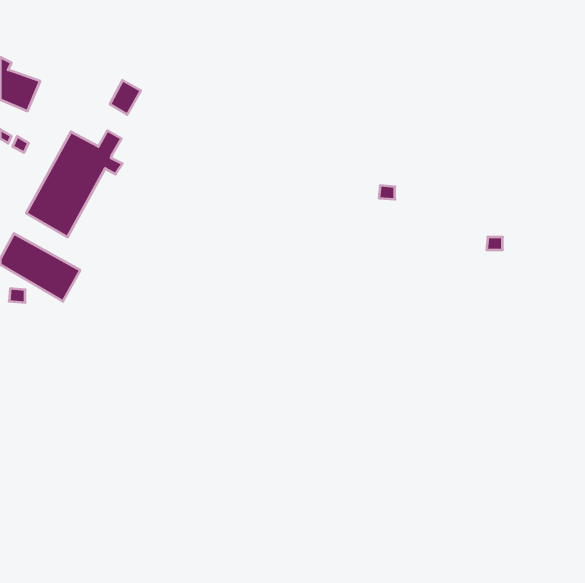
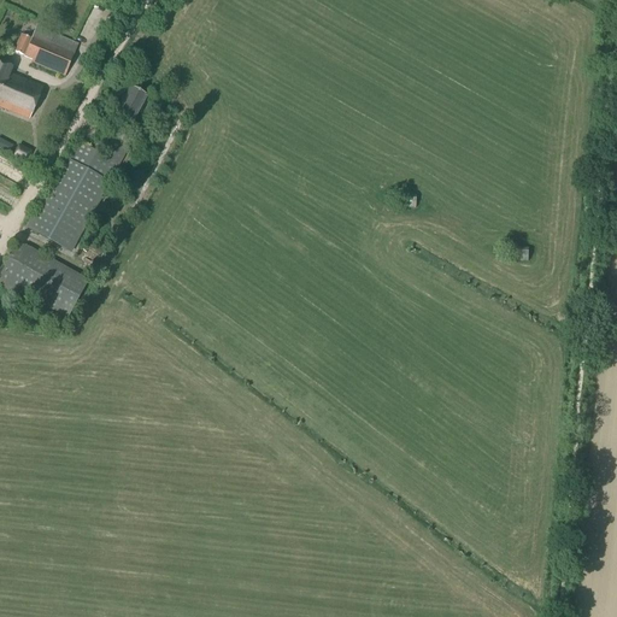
building: none -> [13,25,77,74]

